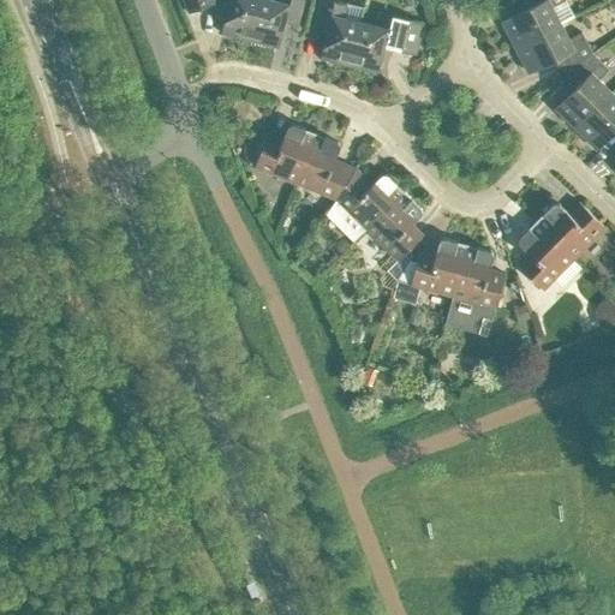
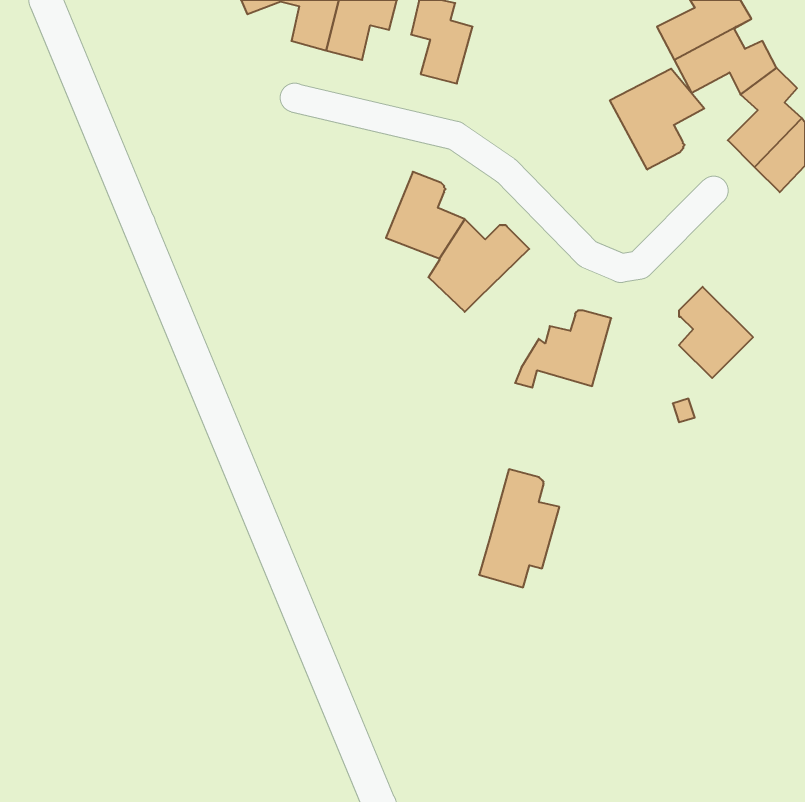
building: [348,13,423,73] -> none
building: none -> [610,69,704,170]
building: [253,125,315,184] -> none
building: [365,192,422,282] -> none
building: [536,203,604,259] -> none
building: [443,245,504,335] -> [479,469,559,587]

